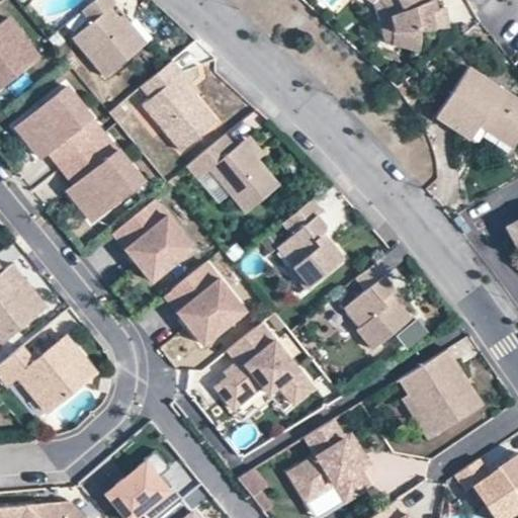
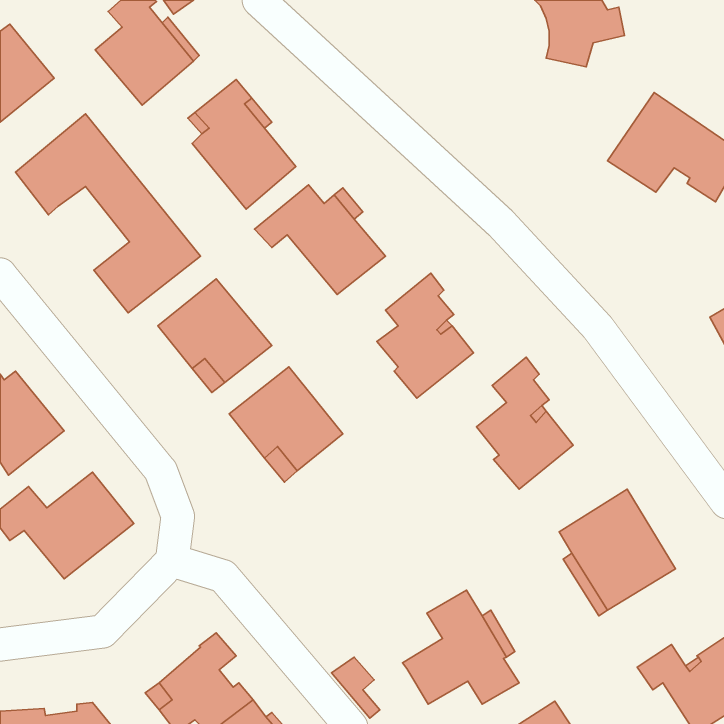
building: [44,135,94,189] -> none
building: [217,325,314,412] -> none

